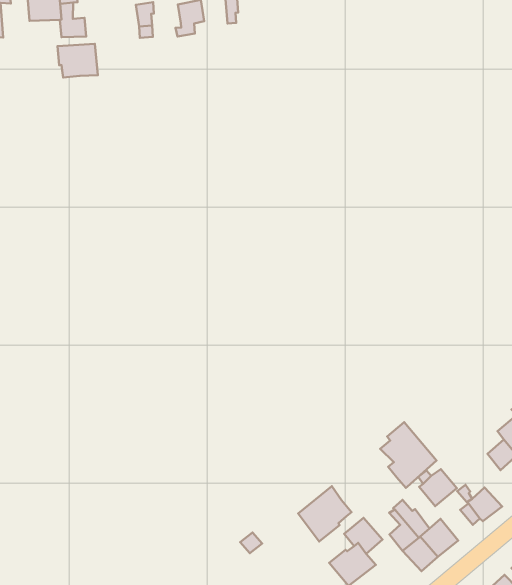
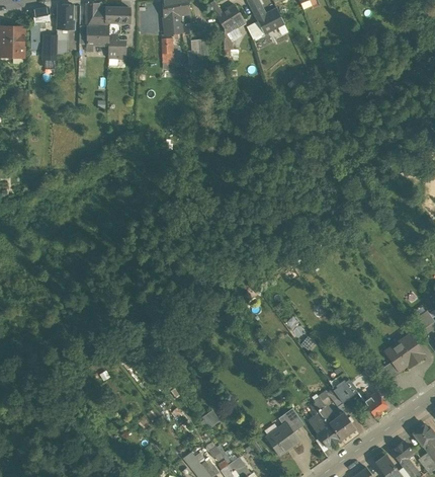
building: [57,44,98,78] -> none
building: [380,422,437,488] -> none
building: [298,486,352,541] -> none

